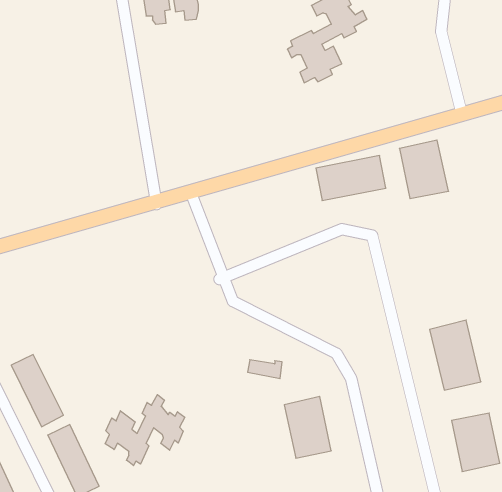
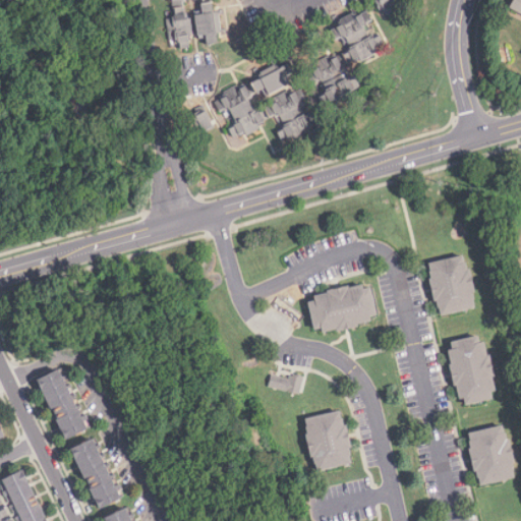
building: none -> [194,63,317,141]
building: [399,140,449,199] -> [425,256,473,313]
building: [316,156,386,201] -> [308,287,377,331]
building: [105,395,185,466] -> none

